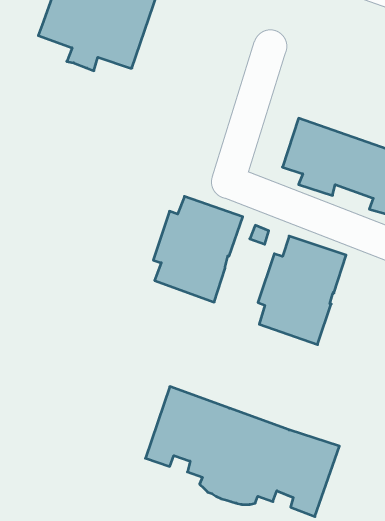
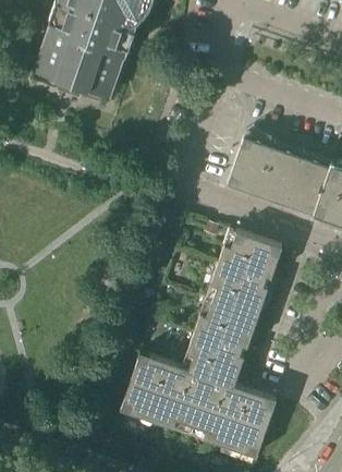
building: [153,196,243,302] -> [186,303,258,388]

